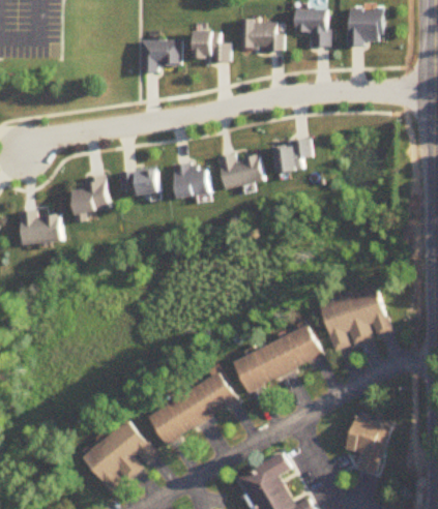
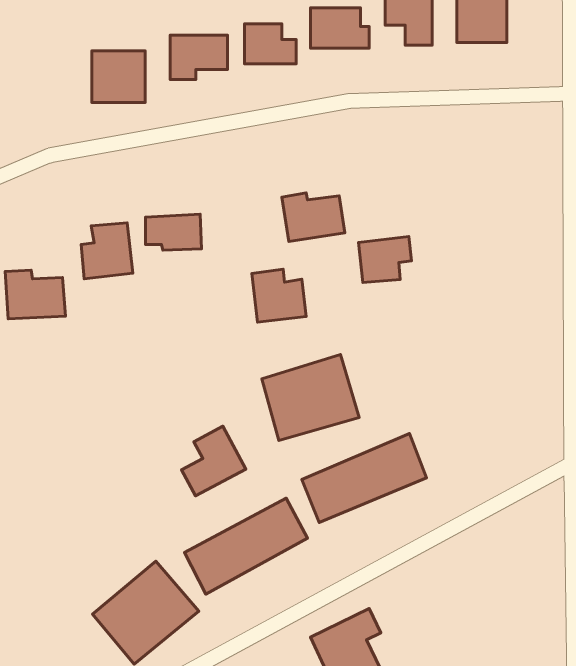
building: none -> [92,51,145,102]
building: [274,140,313,173] -> [359,237,412,282]
building: [173,160,212,199] -> [252,269,306,322]
building: [321,288,391,350] -> [262,355,359,441]
building: none -> [182,426,246,496]
building: [344,415,388,473] -> none

